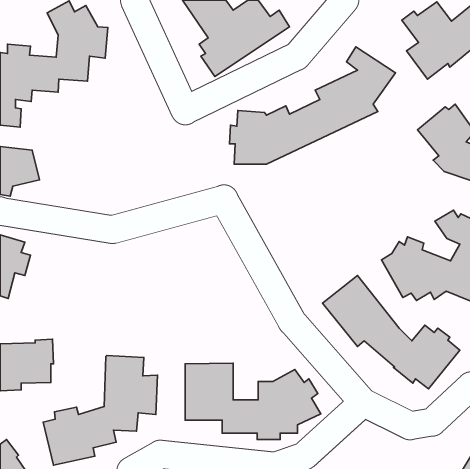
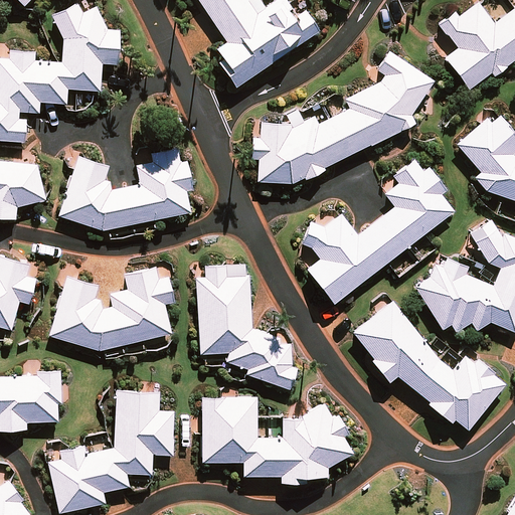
building: none -> [60,150,191,228]
building: none -> [302,163,451,303]
building: none -> [197,267,296,387]
building: none -> [49,269,173,349]

